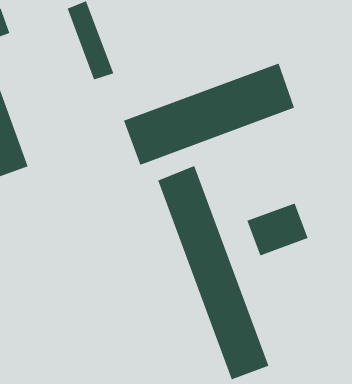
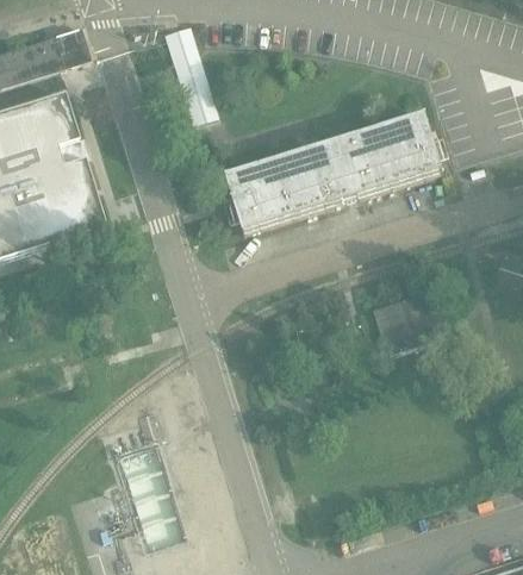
building: [158,165,269,380] -> none

